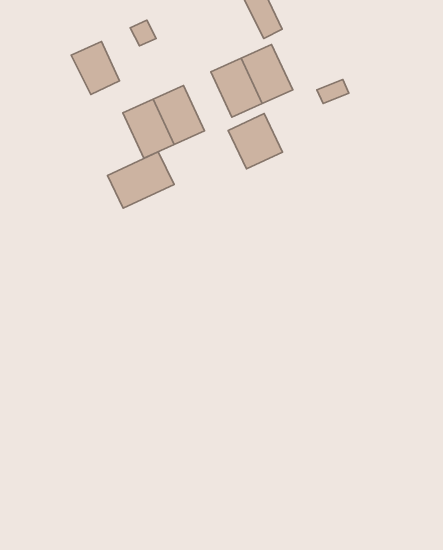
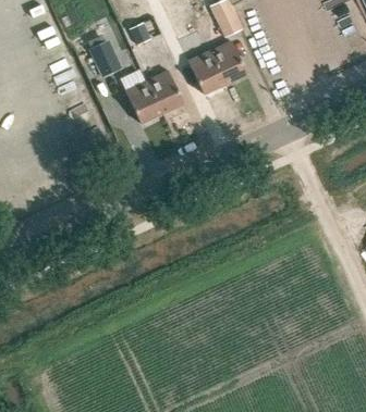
building: [228,114,283,169] -> none
building: [107,152,174,208] -> none

